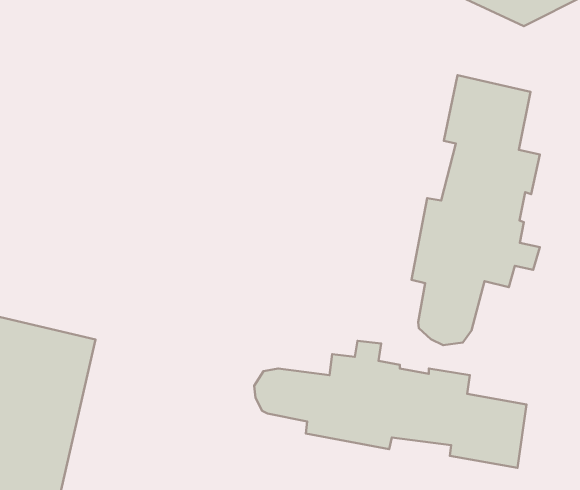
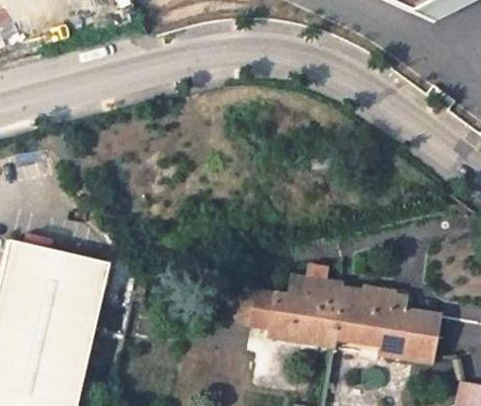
building: [412,75,540,345] -> none

